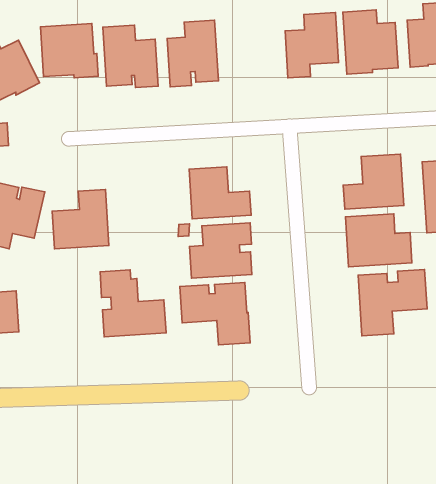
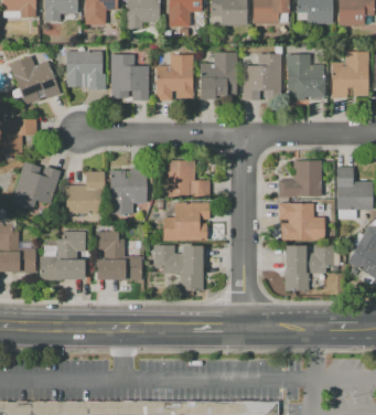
building: none -> [200,52,236,99]
building: none -> [108,168,147,213]
building: none -> [40,232,84,279]

